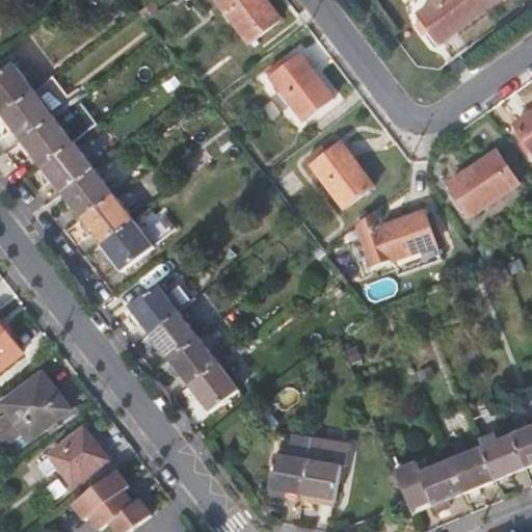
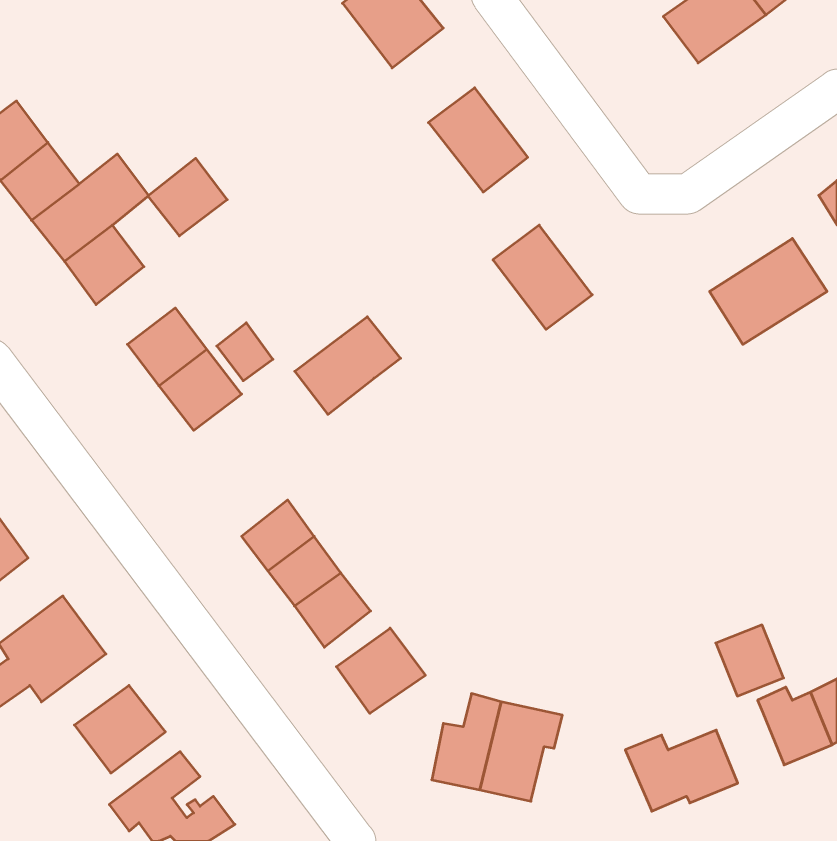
building: [60,167,110,216] -> [148,158,227,236]
building: [357,205,434,262] -> none
building: [131,275,197,337] -> [295,317,401,414]
building: none -> [336,628,425,713]
building: [450,447,493,491] -> [716,625,784,696]

